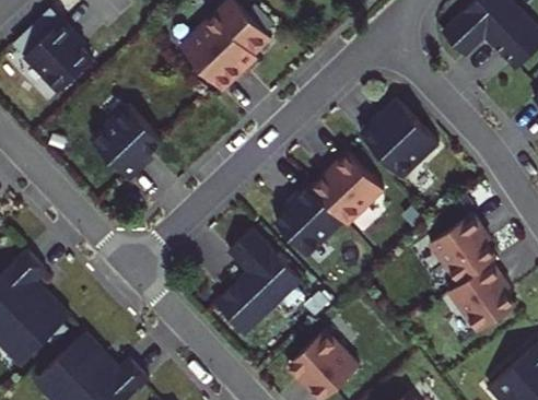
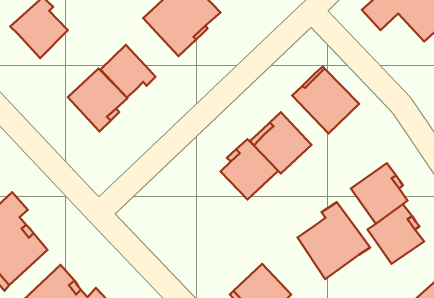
building: none -> [101,45,156,98]
building: [213,230,299,336] -> none
building: none -> [297,202,370,279]

